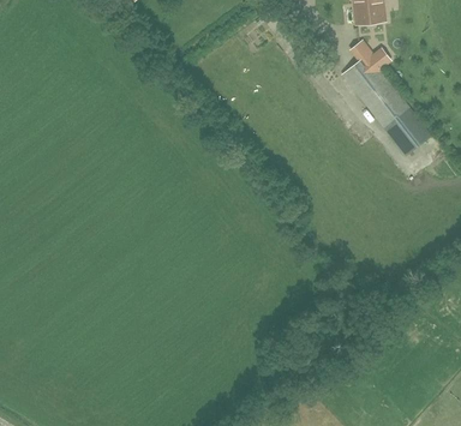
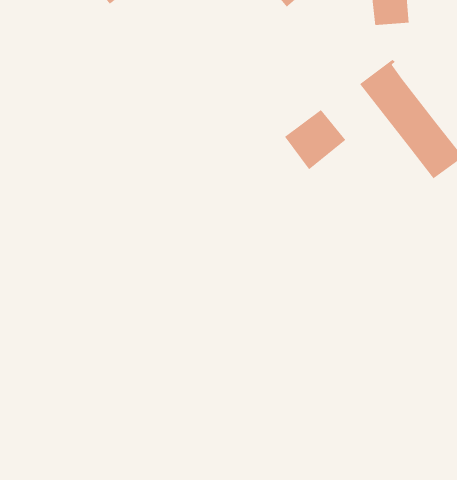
building: none -> [284,109,346,170]

